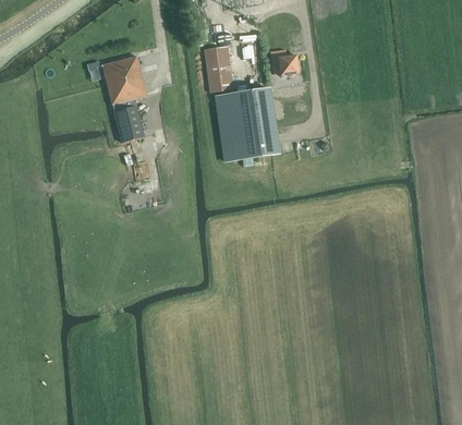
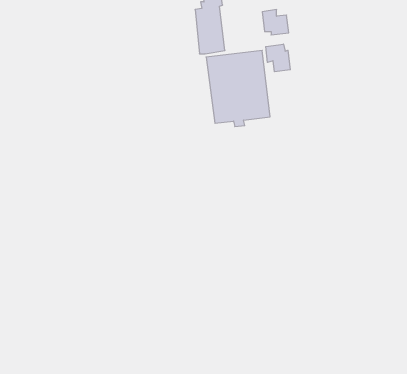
building: [101,56,147,142] -> none
building: none -> [266,44,290,72]

